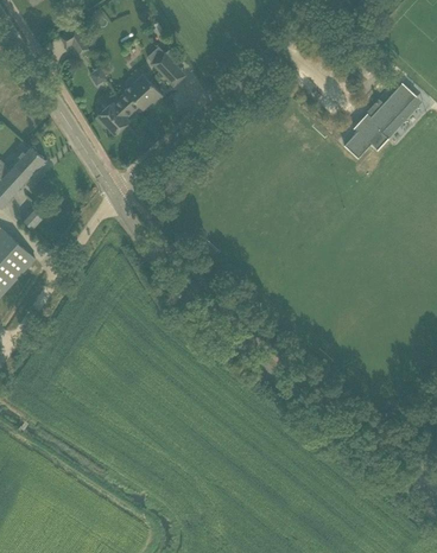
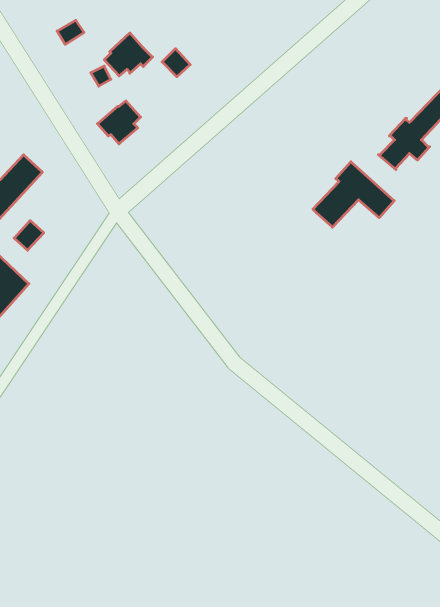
building: [120,74,163,112] -> [104,33,153,76]
building: none -> [313,162,394,227]

